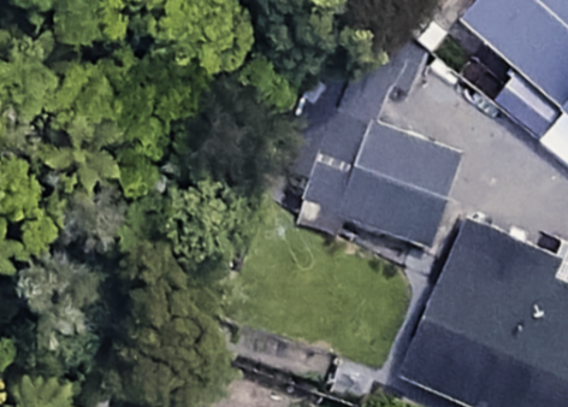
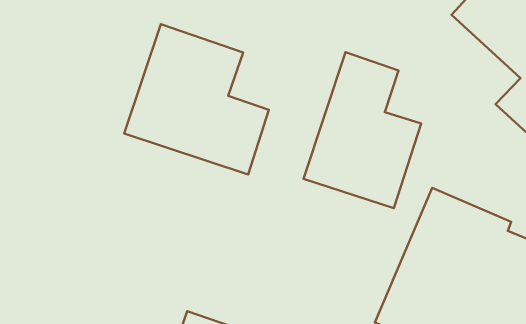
building: none -> [124,24,269,174]

